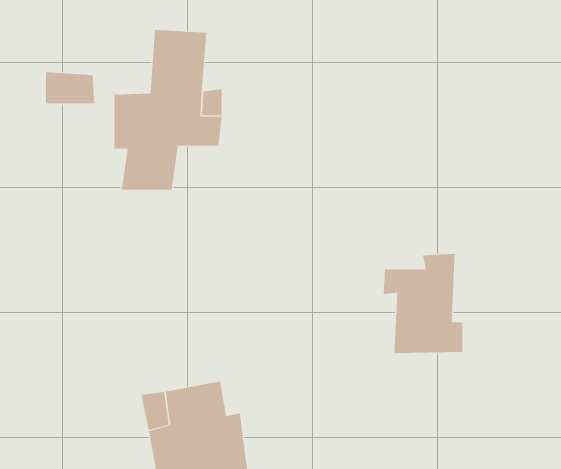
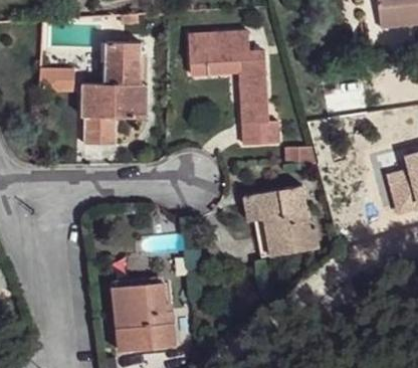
building: none -> [189,31,278,144]
building: none -> [247,191,288,256]

